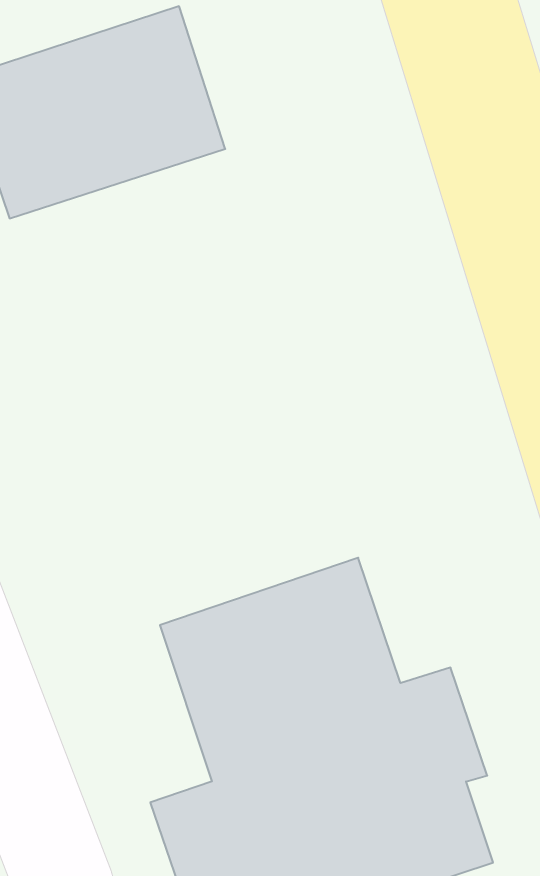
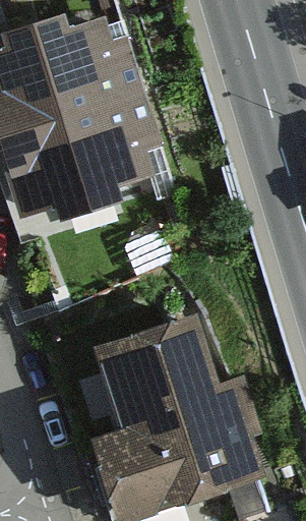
building: none -> [11,102,149,214]

